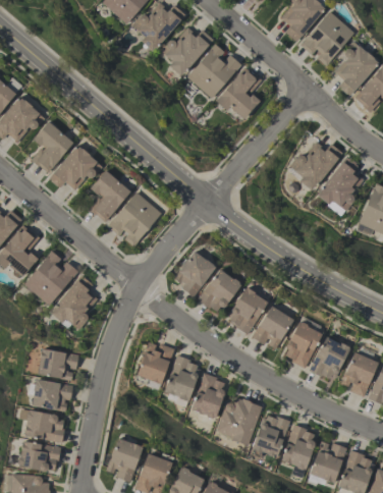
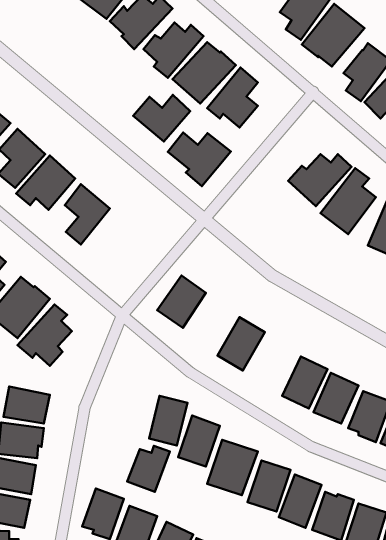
building: none -> [133,95,190,142]
building: none -> [168,133,231,186]
building: [107,190,161,247] -> none
building: [197,268,240,309] -> none
building: [252,305,293,349] -> none
building: [136,343,174,384] -> [127,446,170,492]

